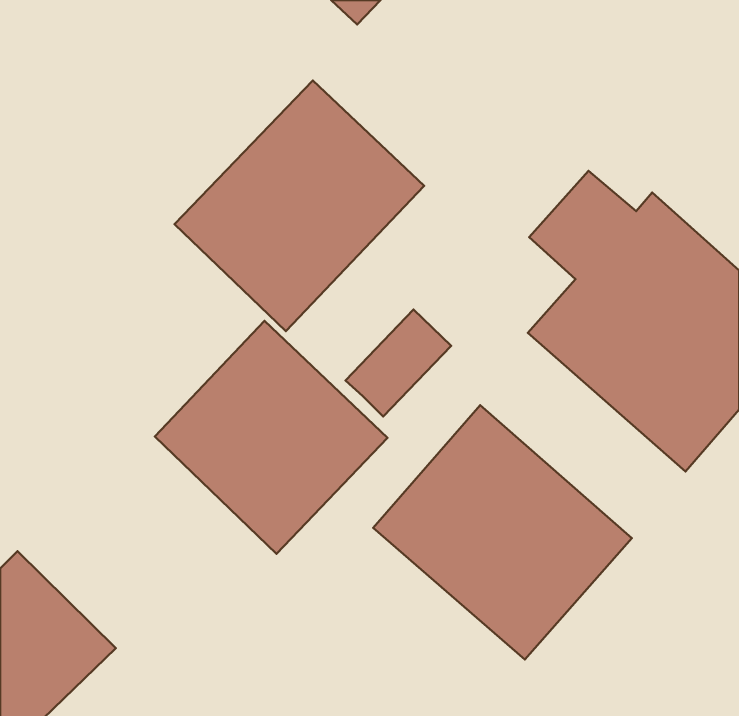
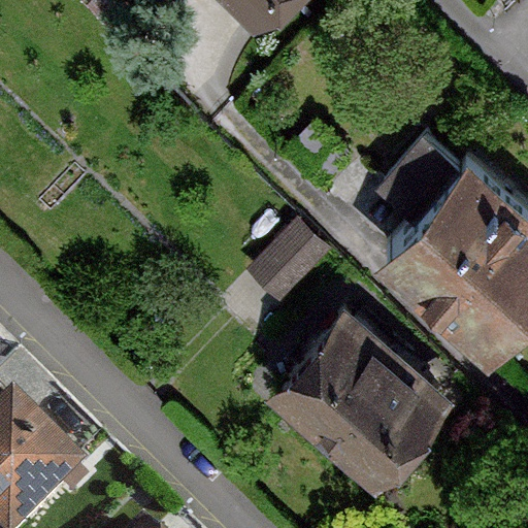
building: [174,80,424,331] -> none
building: [155,321,388,554] -> none

